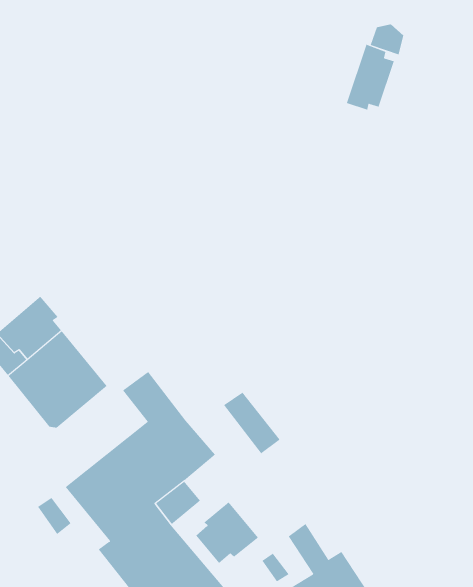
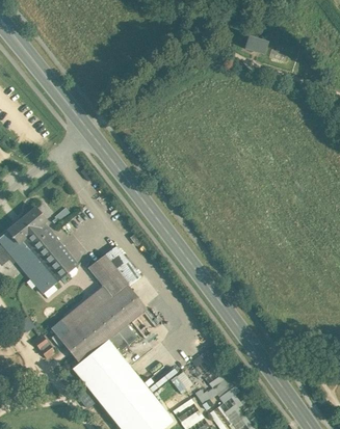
building: [346,44,394,111] -> none
building: [223,392,281,454] -> [103,246,139,286]
building: [195,501,259,564] -> none

